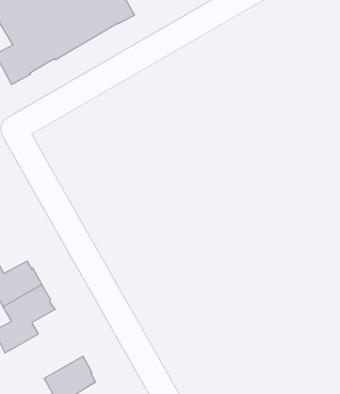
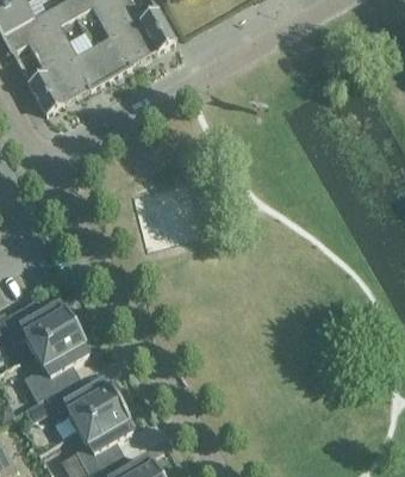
building: none -> [45,379,120,428]

